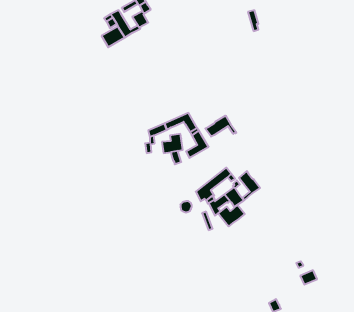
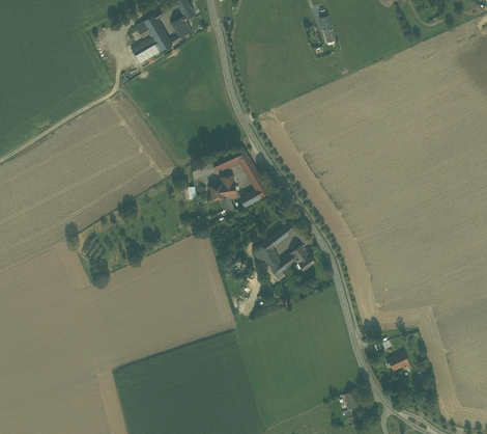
building: [205,116,236,137] -> none
building: [239,171,260,200] -> none
building: [218,205,245,226] -> none

